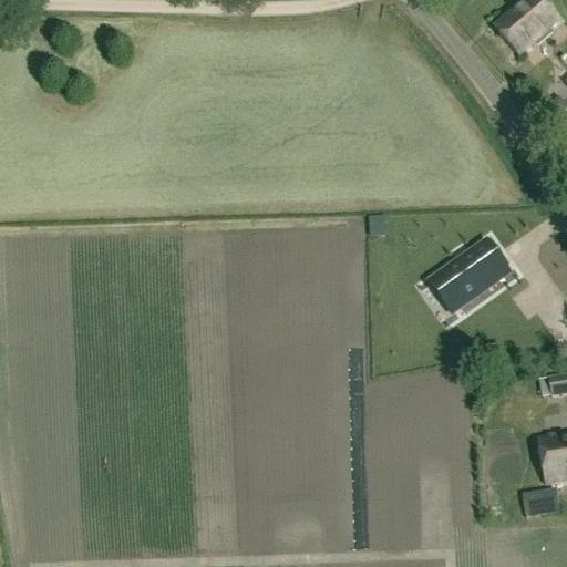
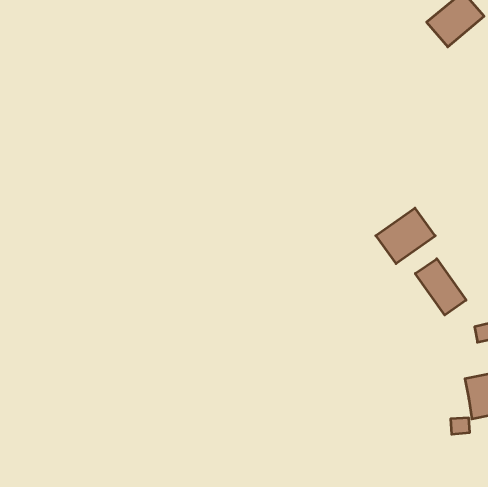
building: none -> [415,259,466,315]

